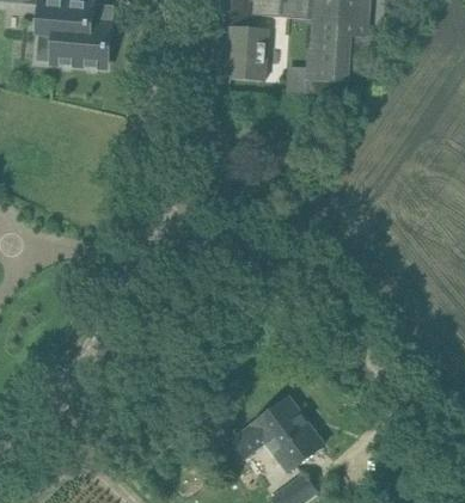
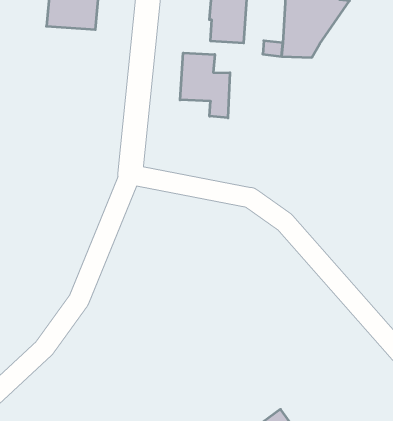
building: none -> [180,53,230,118]
building: [231,397,324,471] -> none

